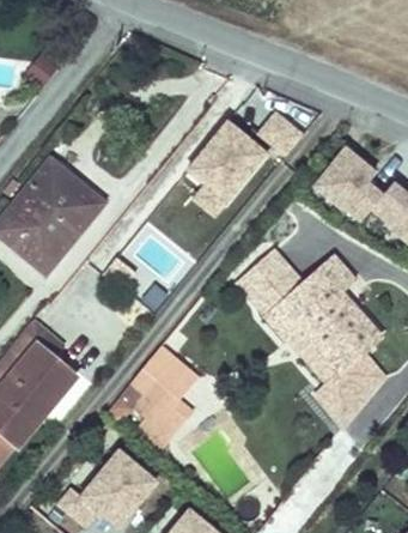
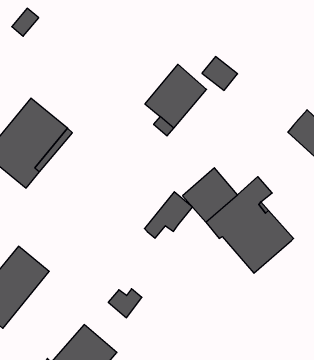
building: [312,144,382,219] -> none
building: [312,339,386,428] -> none
building: [133,358,193,416] -> [144,192,193,238]

